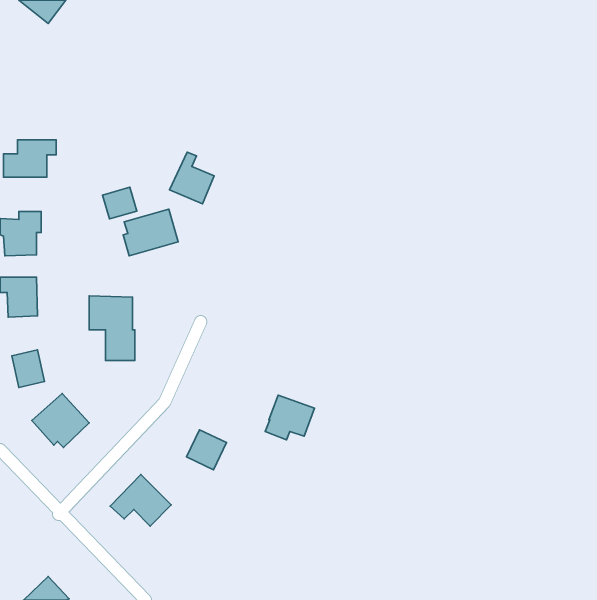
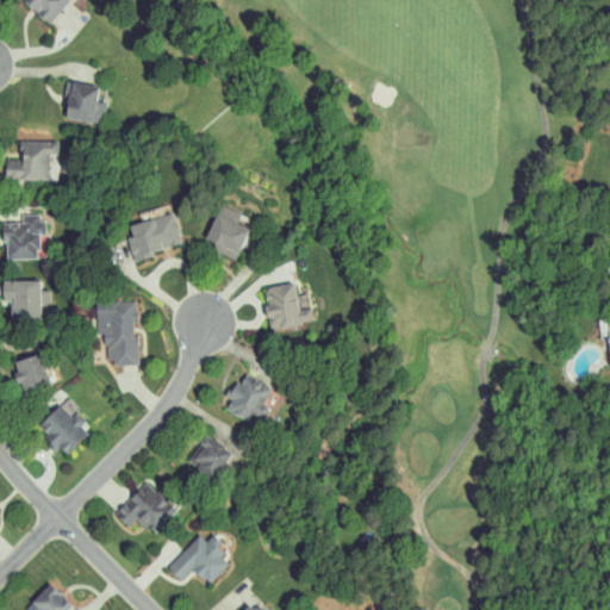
building: none -> [63,82,102,124]
building: [170,152,214,204] -> [204,205,249,257]
building: [102,187,137,219] -> none
building: none -> [264,281,316,328]
building: [265,395,315,440] -> [228,374,278,419]
building: none -> [168,535,230,585]

